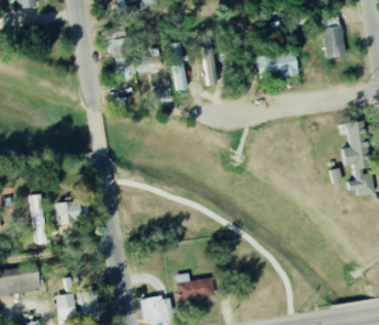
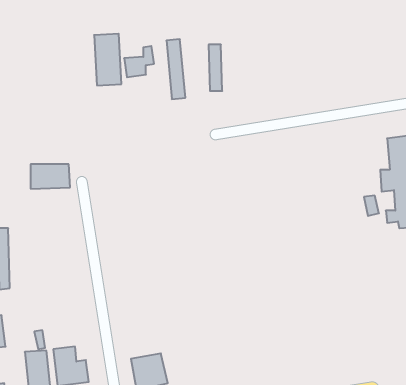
building: [320,18,344,58] -> none
building: [255,51,298,80] -> none
building: [56,202,88,222] -> [31,164,70,189]
building: [175,273,214,302] -> none

